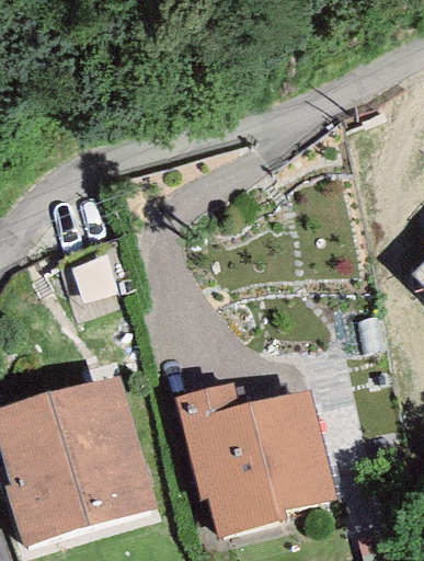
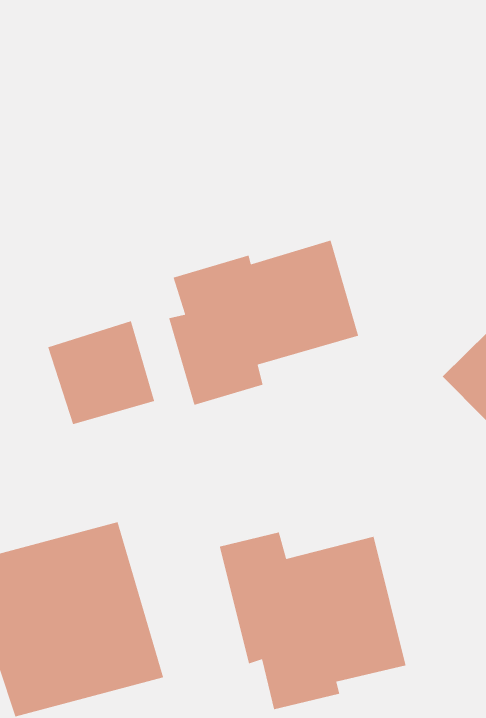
building: none -> [168,239,359,406]

